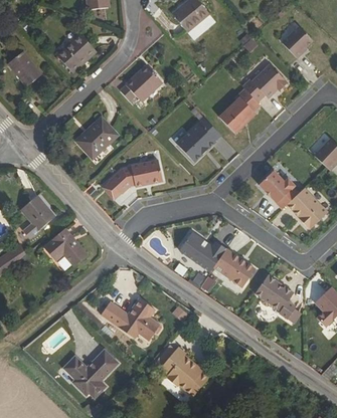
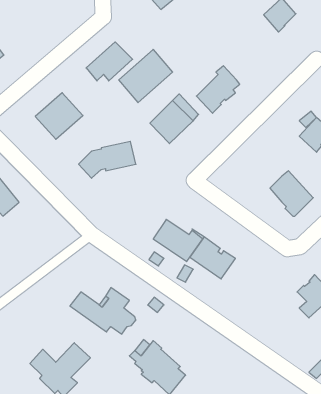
building: [54,38,94,77] -> none
building: [240,64,286,102] -> none
building: none -> [119,49,173,103]
building: [258,170,298,208] -> none
building: [43,230,86,266] -> none
building: [252,276,293,321] -> none

